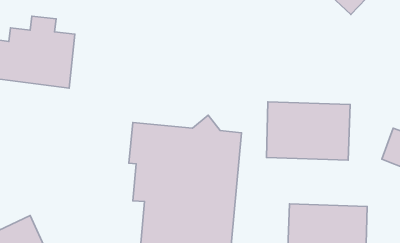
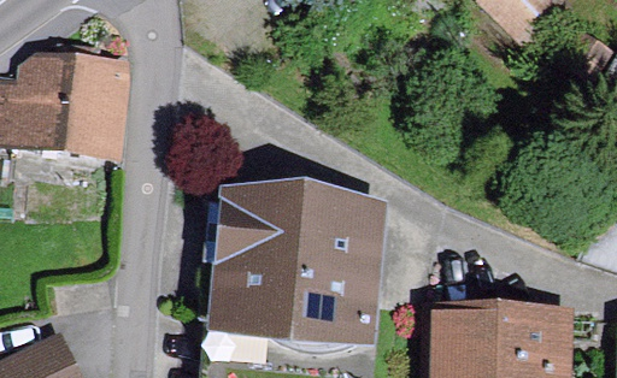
building: [267,102,350,160] -> none

